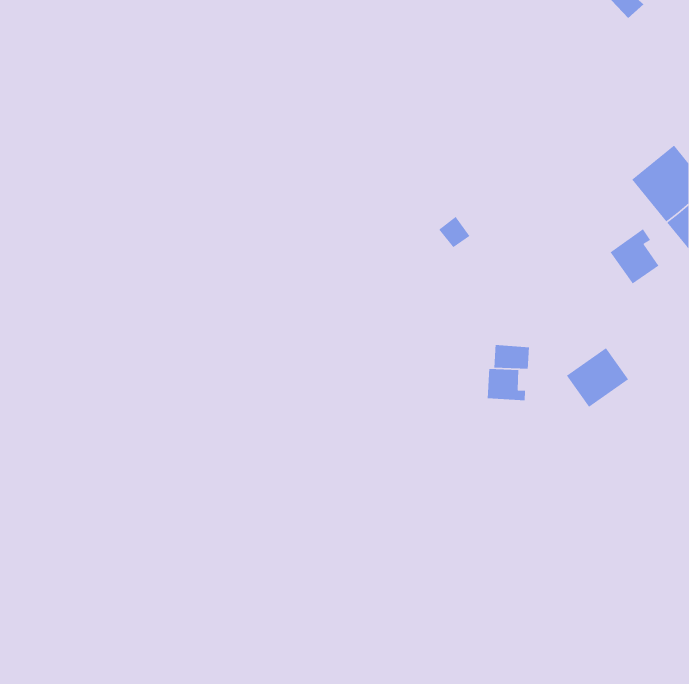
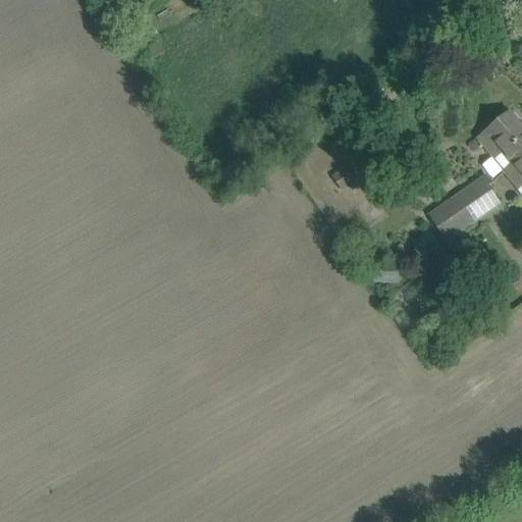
building: [566,347,629,408] -> [430,191,478,237]
building: [487,368,526,401] -> none

